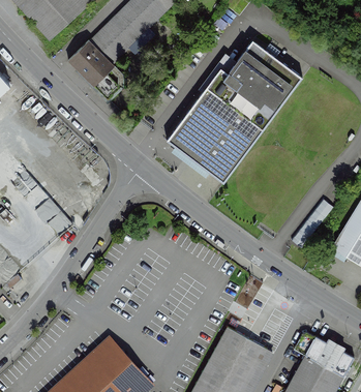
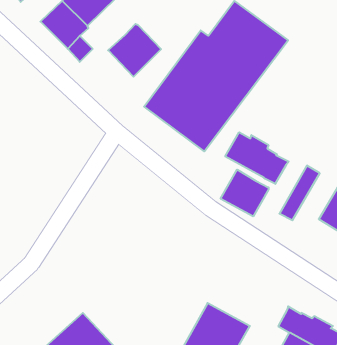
building: none -> [108,24,161,77]
building: none -> [225,132,289,184]
building: none -> [221,170,269,216]

